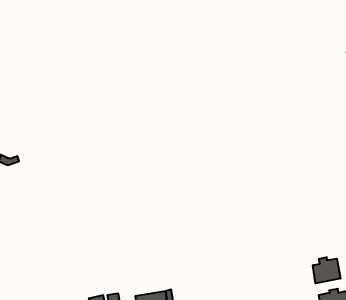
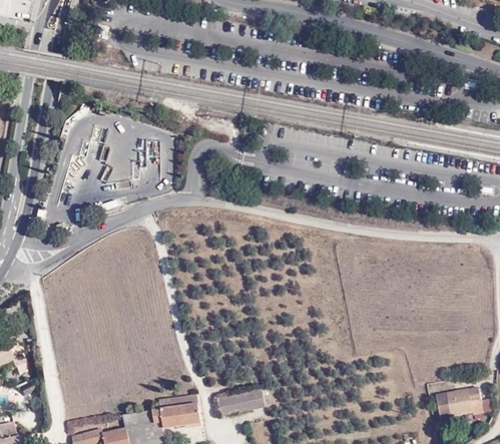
building: [313,257,341,283] -> none

